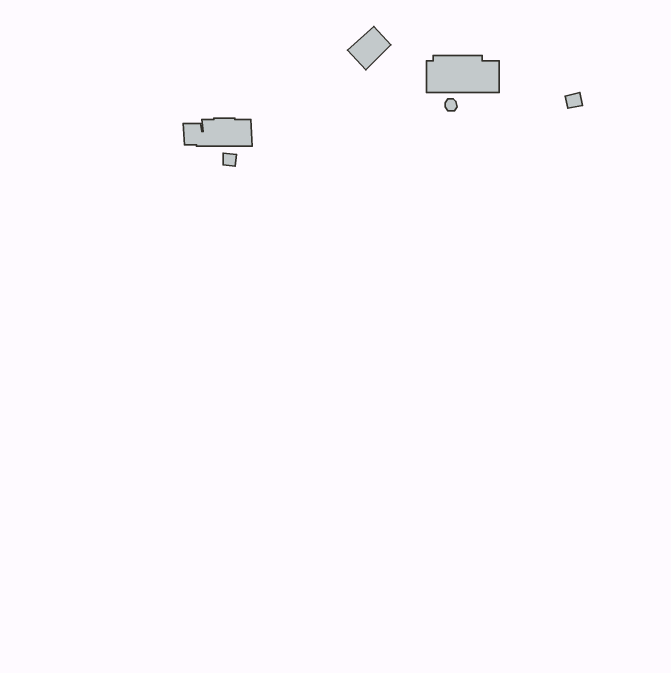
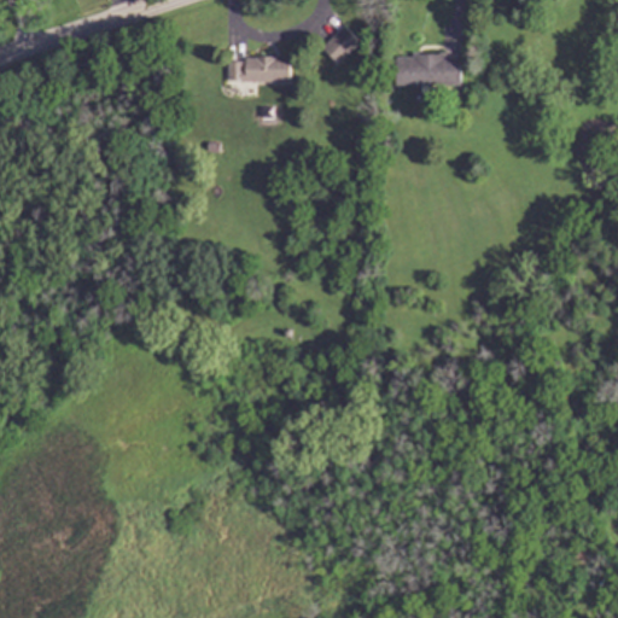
building: [183,118,252,146] -> [229,57,292,82]

